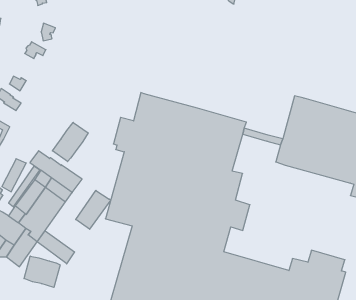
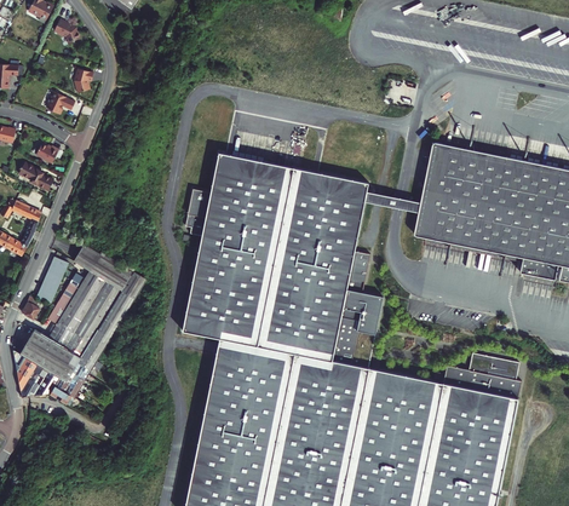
building: [52,122,88,162] -> none
building: [76,190,111,229] -> none
building: [37,231,75,264] -> none
building: [24,256,60,287] -> none

